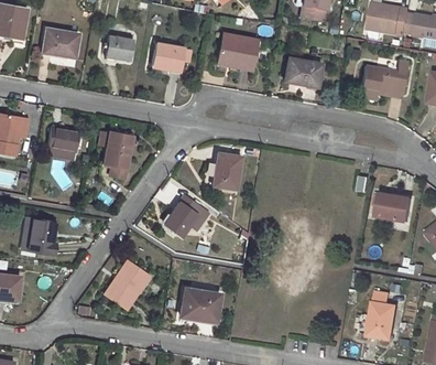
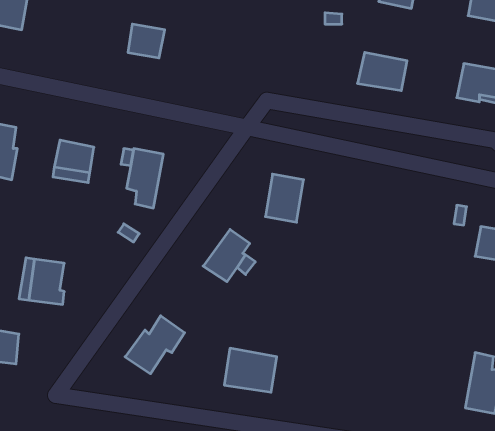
building: [42,28,78,57] -> none
building: [218,32,258,69] -> none
building: [151,42,185,71] -> none

